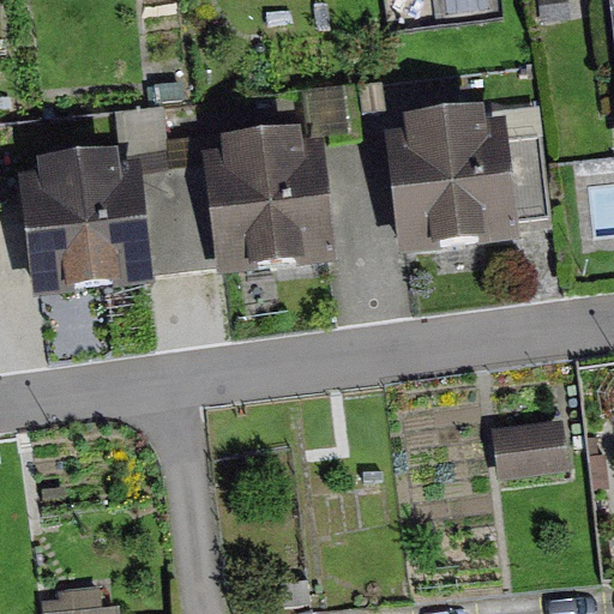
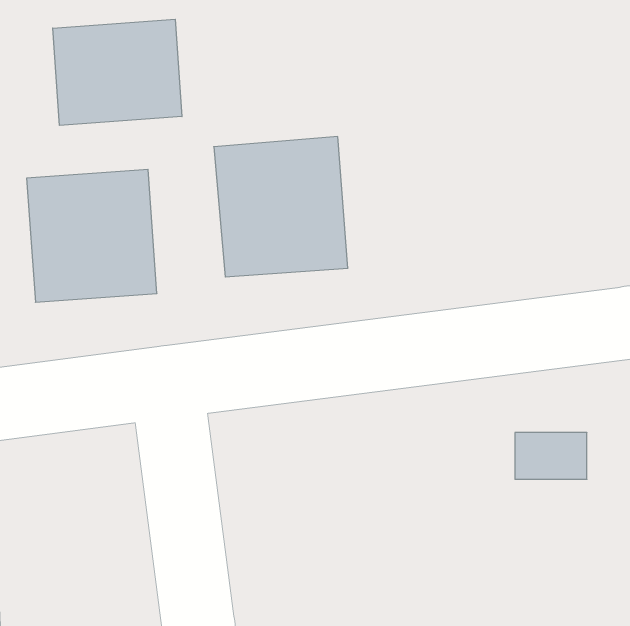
building: none -> [53,19,182,125]
building: [392,112,513,251] -> none

